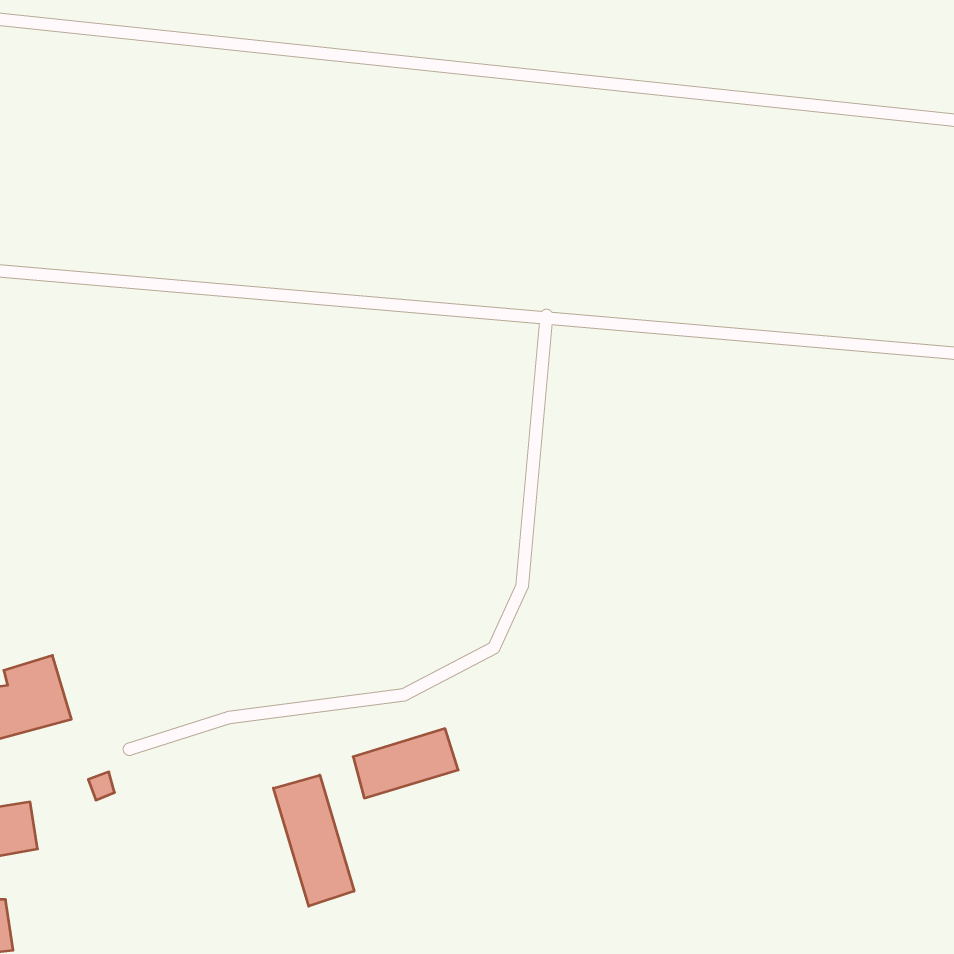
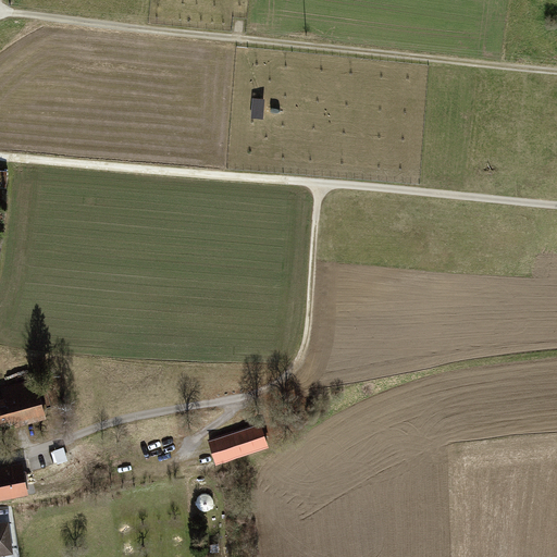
building: [273,775,354,906] -> none

